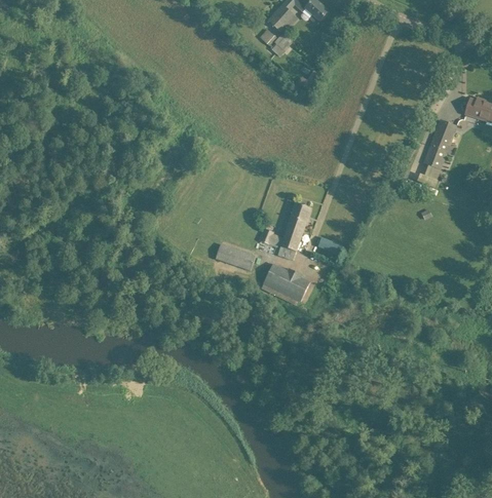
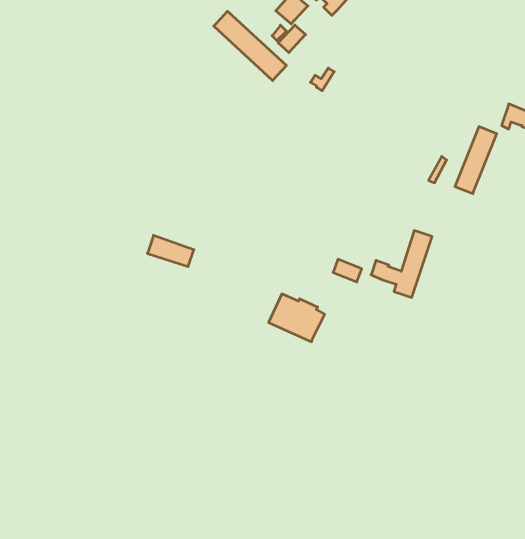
building: none -> [214,11,286,81]
building: [259,202,311,260] -> [371,231,432,297]
building: [216,243,256,270] -> [147,235,194,267]

